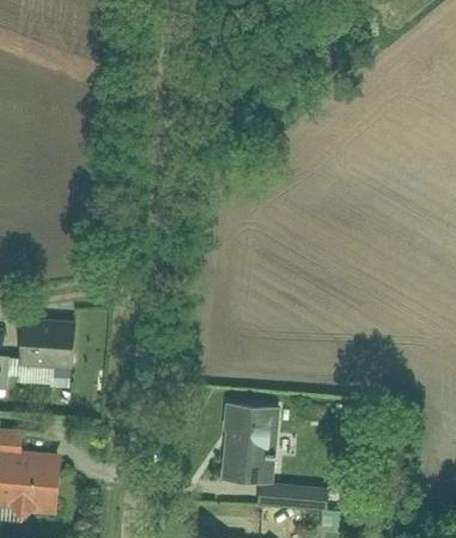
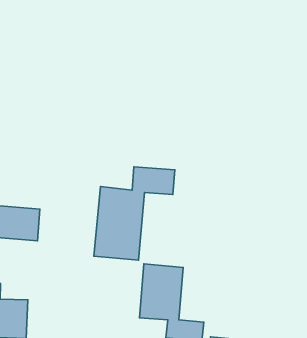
building: none -> [94,167,175,260]

